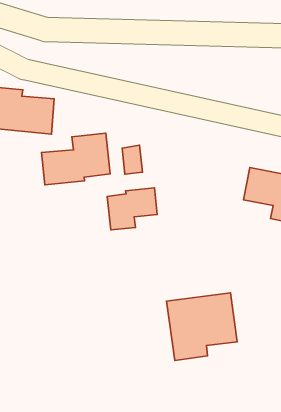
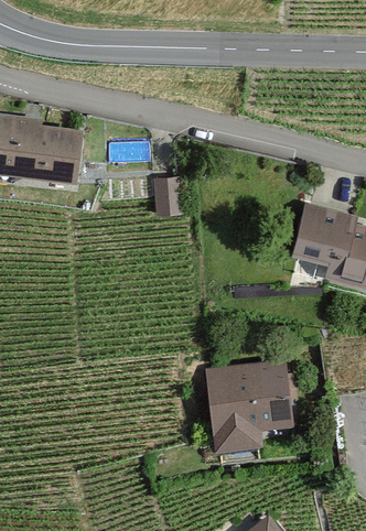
building: [42,133,110,185] -> none
building: [107,188,157,230] -> none

